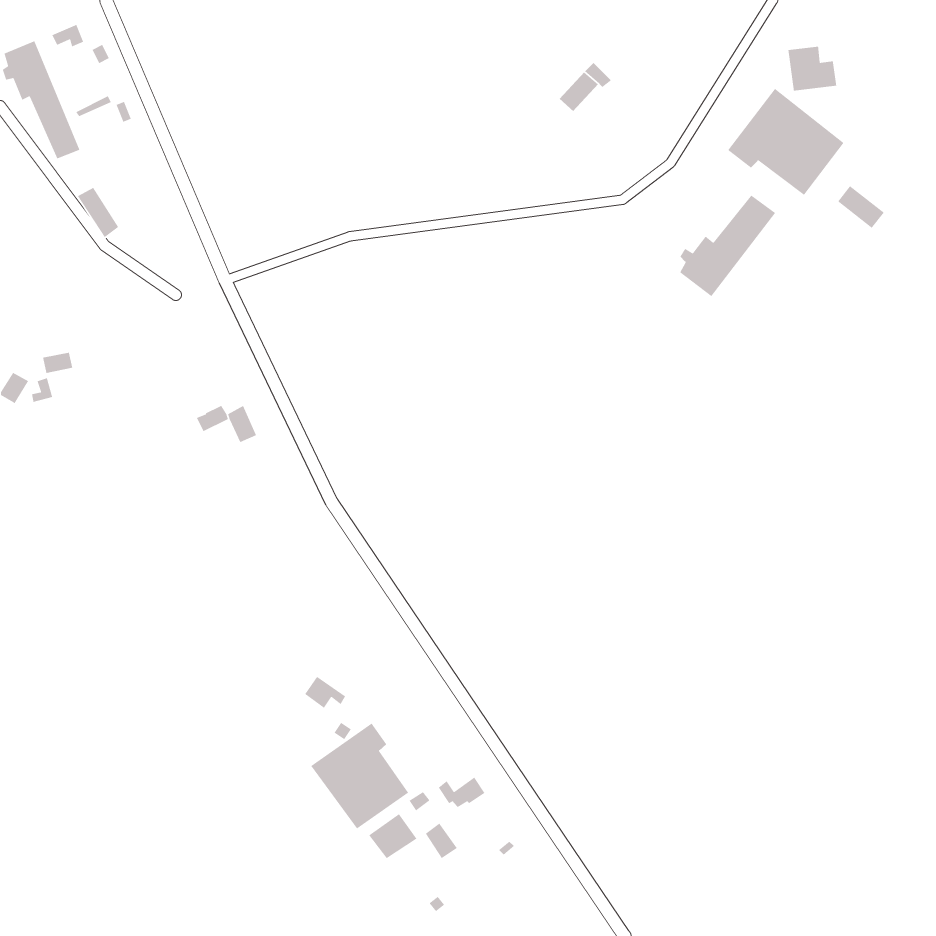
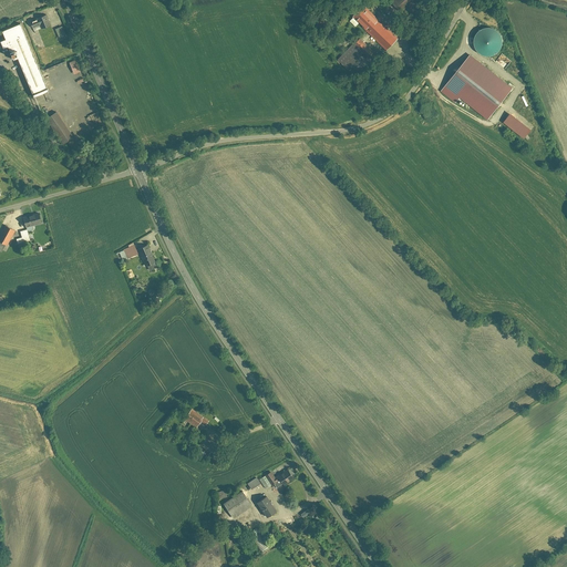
building: none -> [353,7,398,50]
building: [679,195,776,297] -> none
building: [310,723,409,829] -> none

